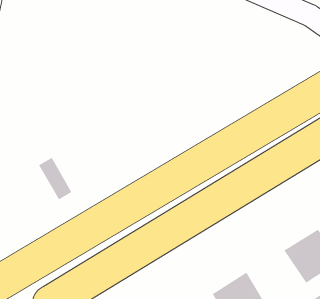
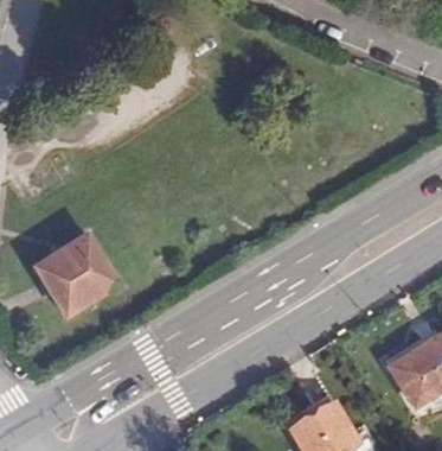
building: none -> [32,252,94,320]

